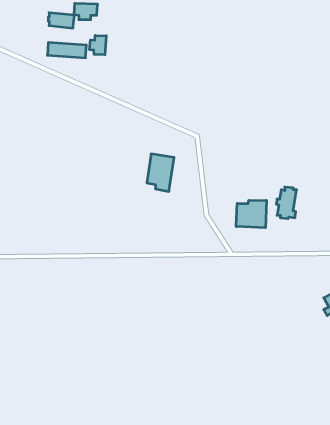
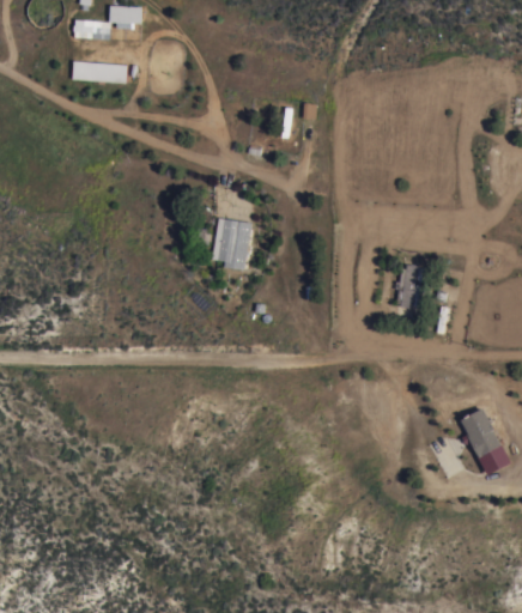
building: [90,35,106,55] -> none
building: [236,200,266,228] -> none

